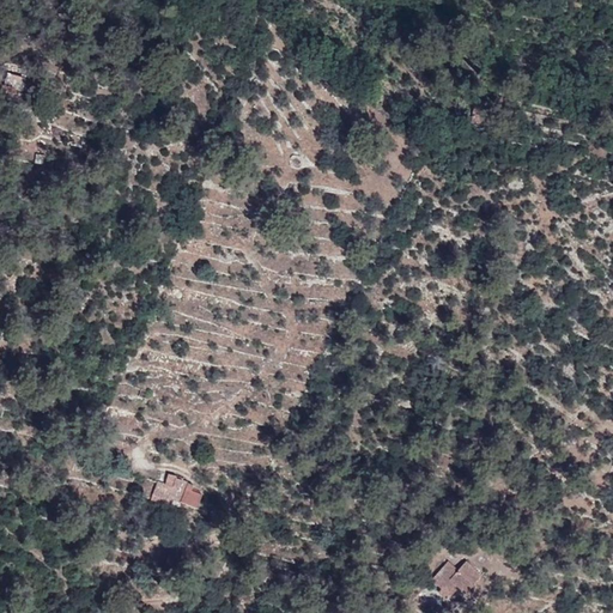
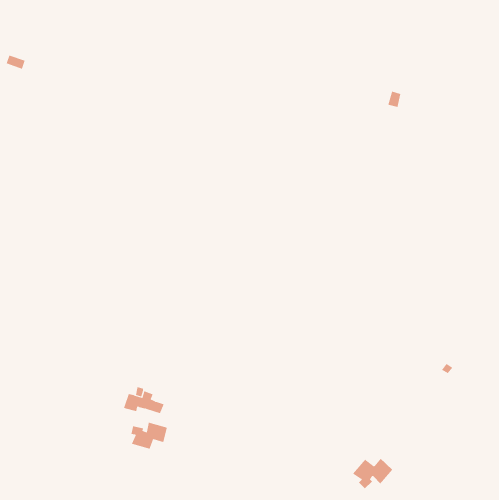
building: none -> [131,422,167,450]

